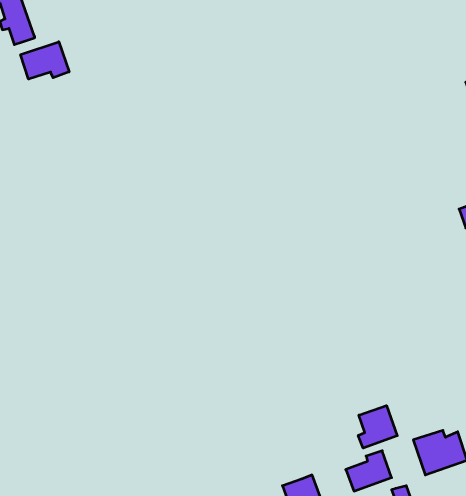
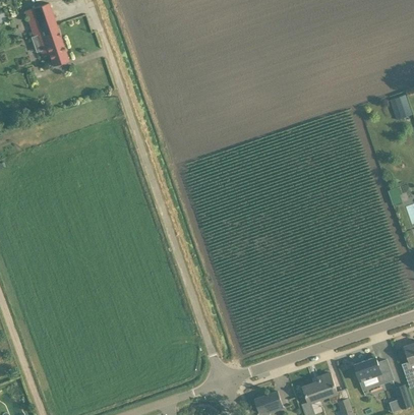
building: [21,42,69,79] -> none
building: [358,406,397,448] -> none

